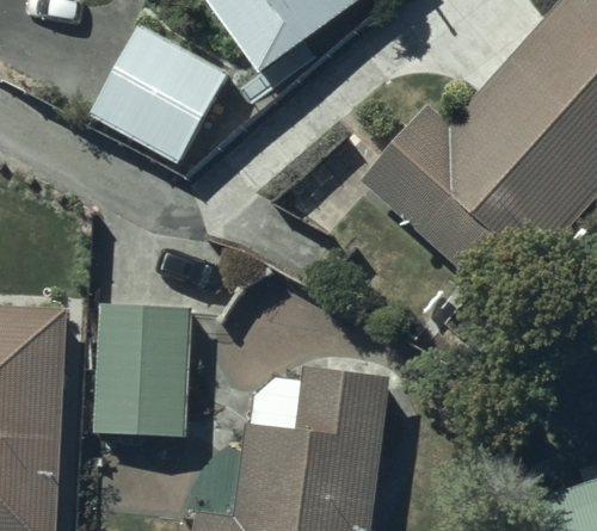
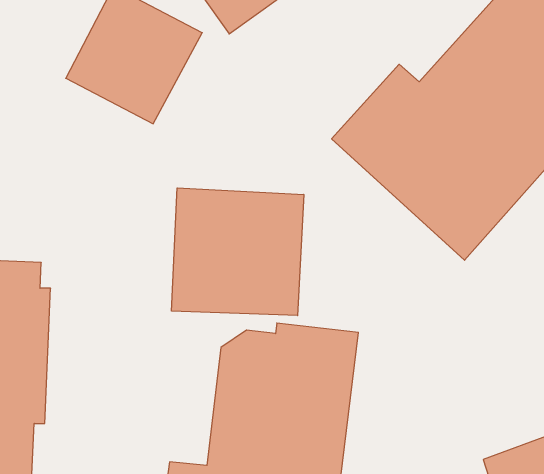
building: none -> [172,188,304,316]
building: [93,302,190,437] -> none

